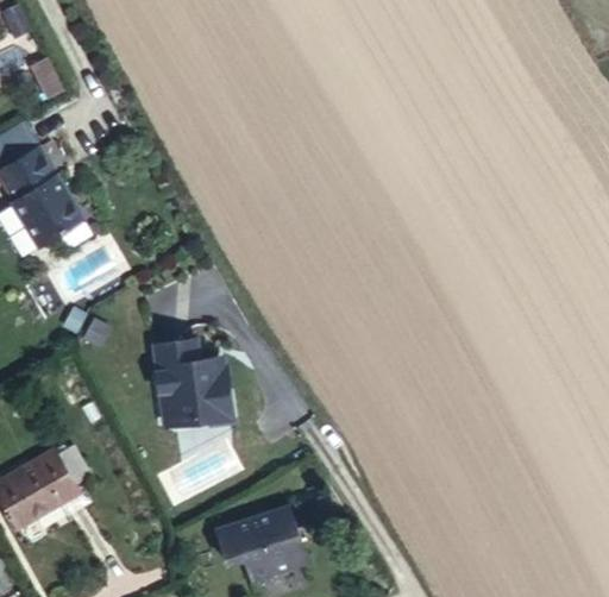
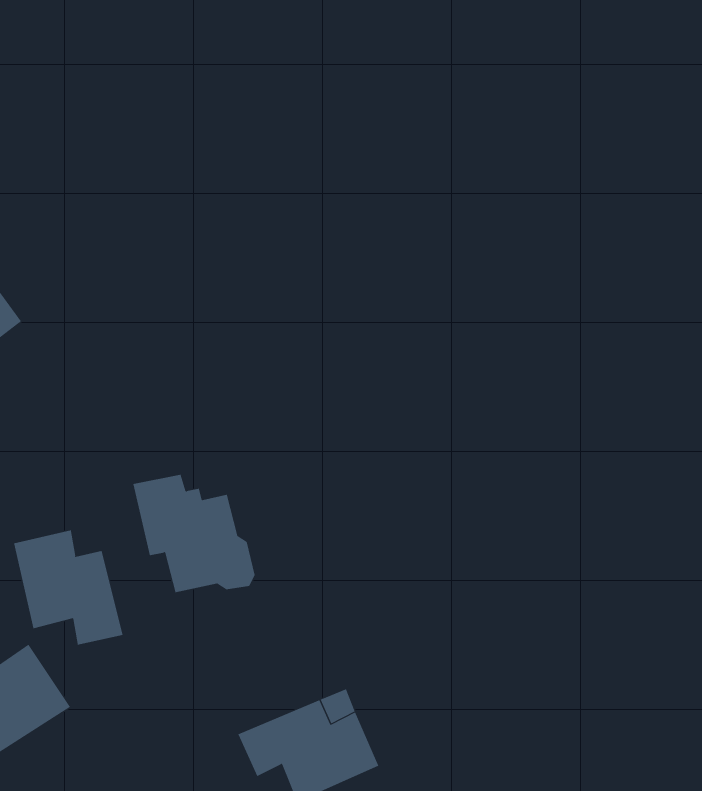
building: none -> [14,529,123,646]

